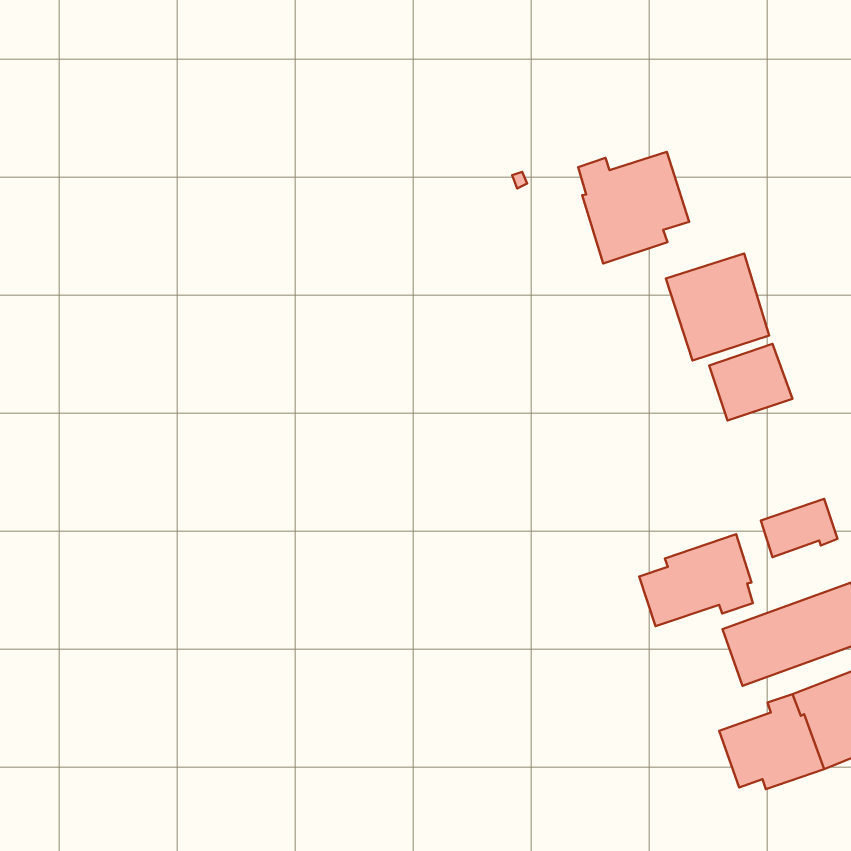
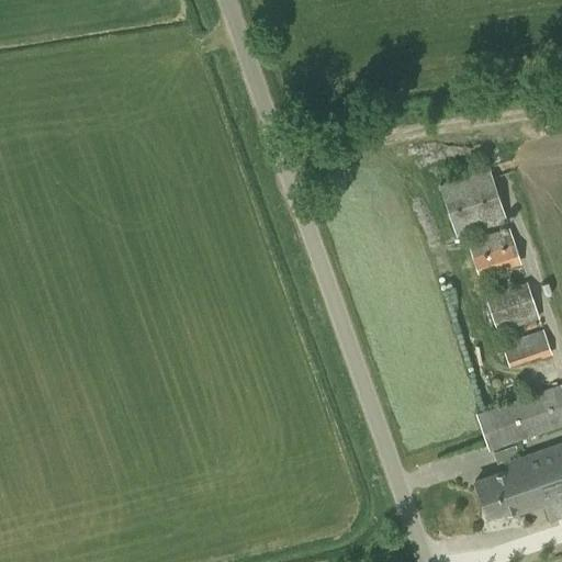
building: [578,152,689,263] -> none
building: none -> [485,281,541,333]
building: [639,534,753,626] -> none

